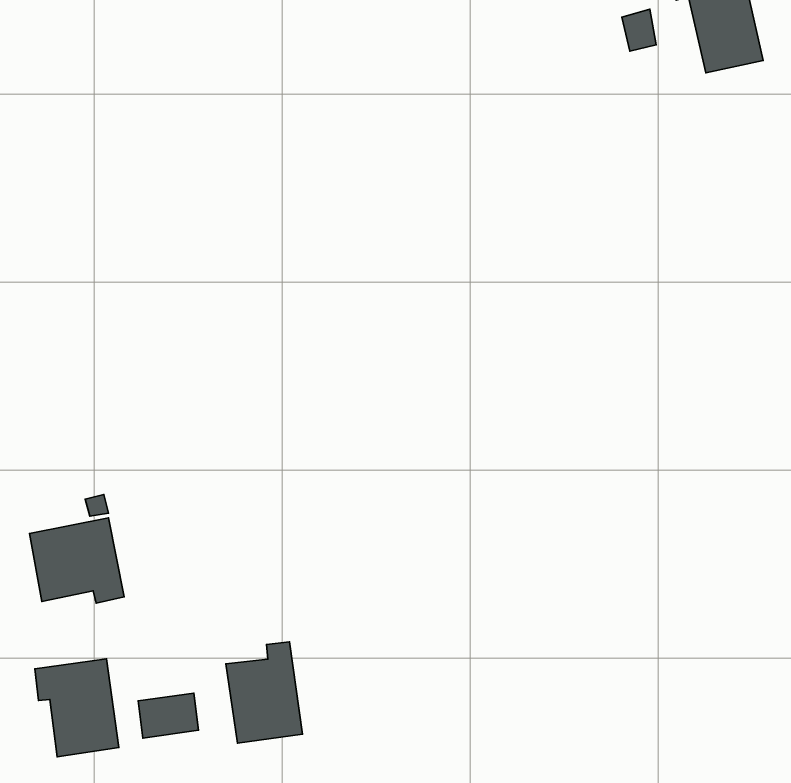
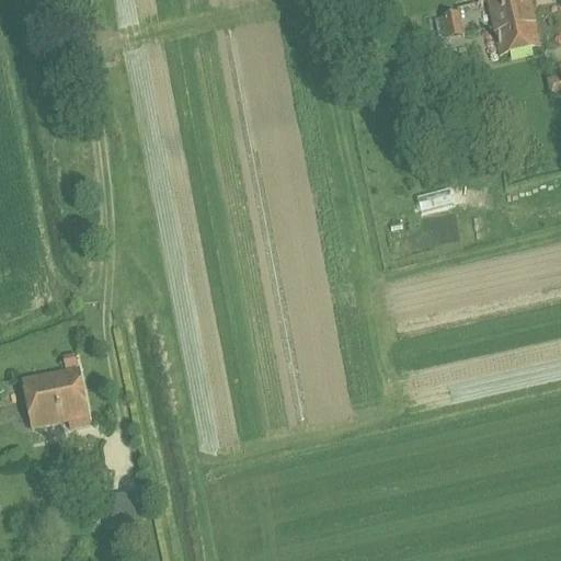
building: [226,642,302,743] -> none
building: [35,659,119,757] -> none

